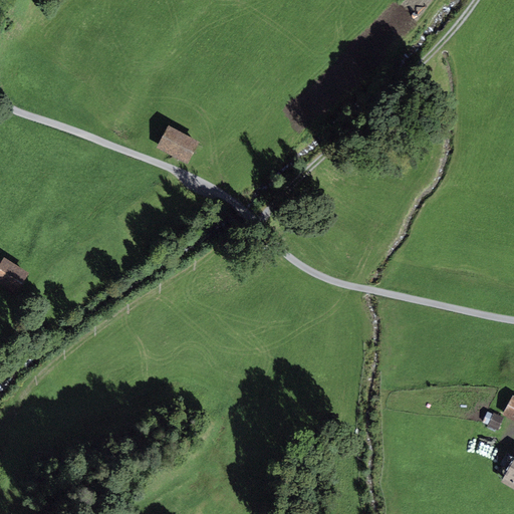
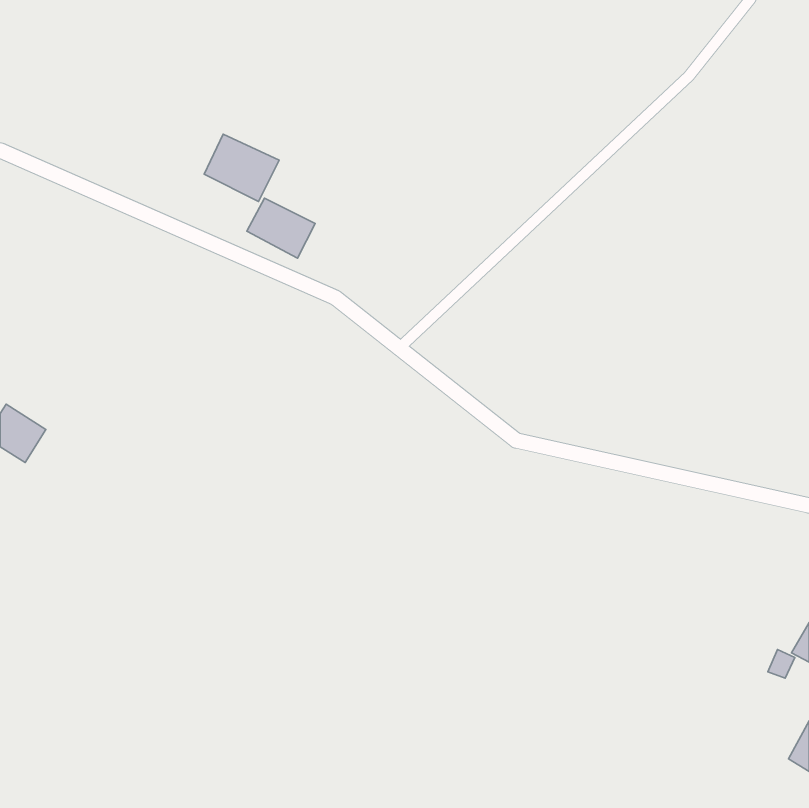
building: none -> [204,134,279,201]

